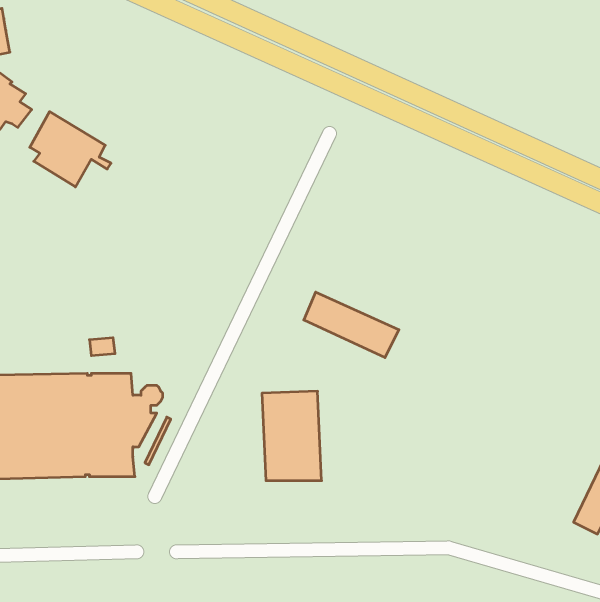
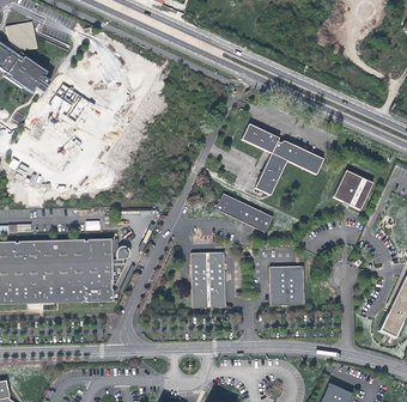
building: none -> [242,123,323,194]
building: none -> [333,170,372,209]
building: none -> [271,266,304,305]

